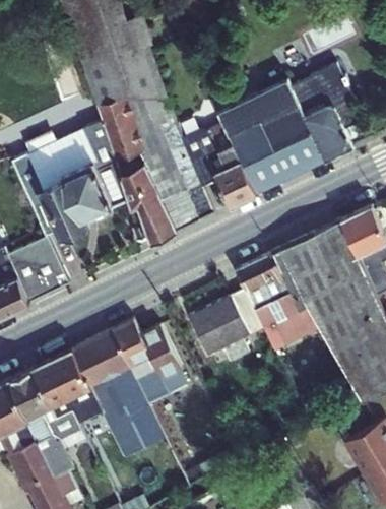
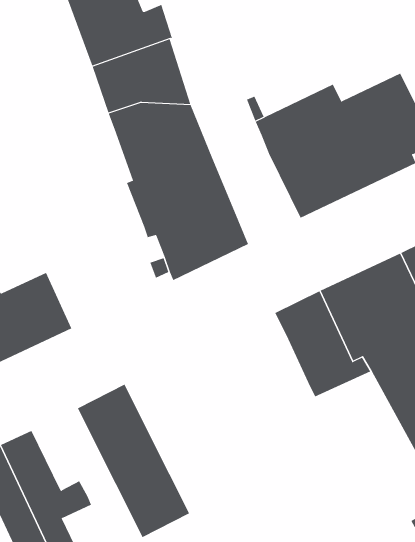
building: [11,123,126,238] -> none
building: [184,125,256,207] -> none
building: [187,291,262,363] -> none
building: [111,321,186,406] -> none
building: [34,352,103,425] -> none

